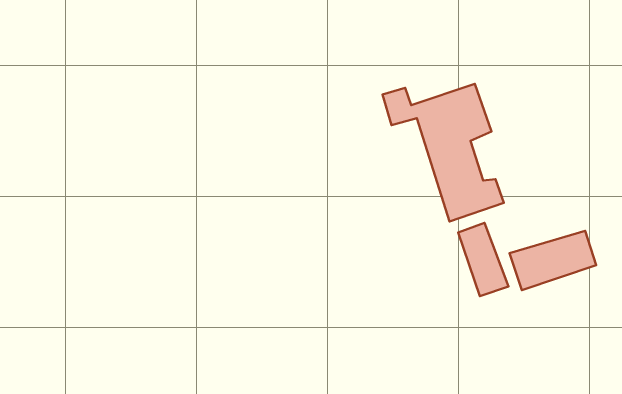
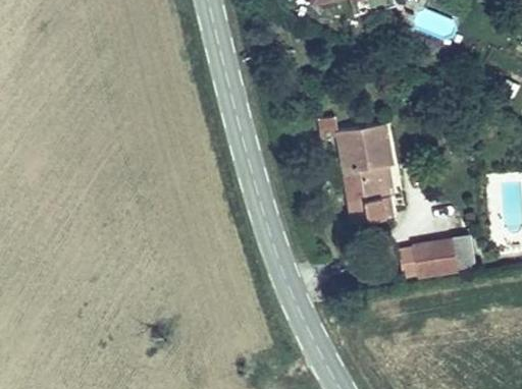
building: [458,223,509,296] -> none

